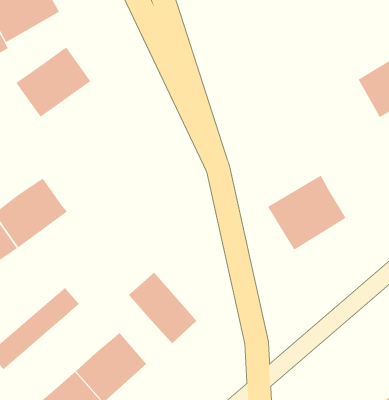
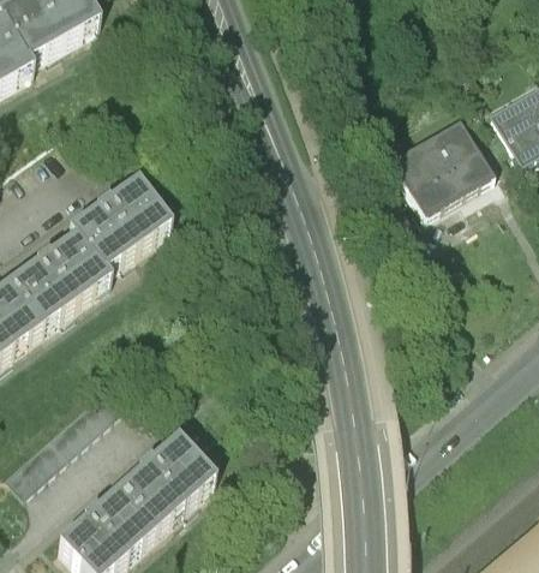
building: [15,46,91,118] -> [68,185,168,279]
building: [267,175,347,251] -> [389,121,493,221]
building: [128,272,197,344] -> none

